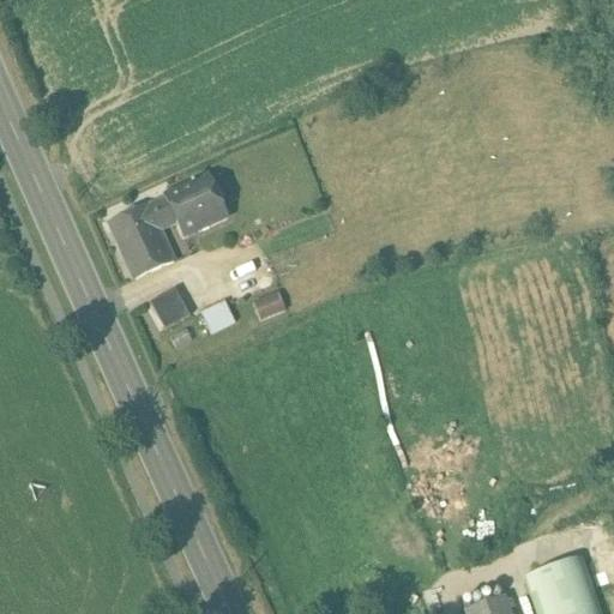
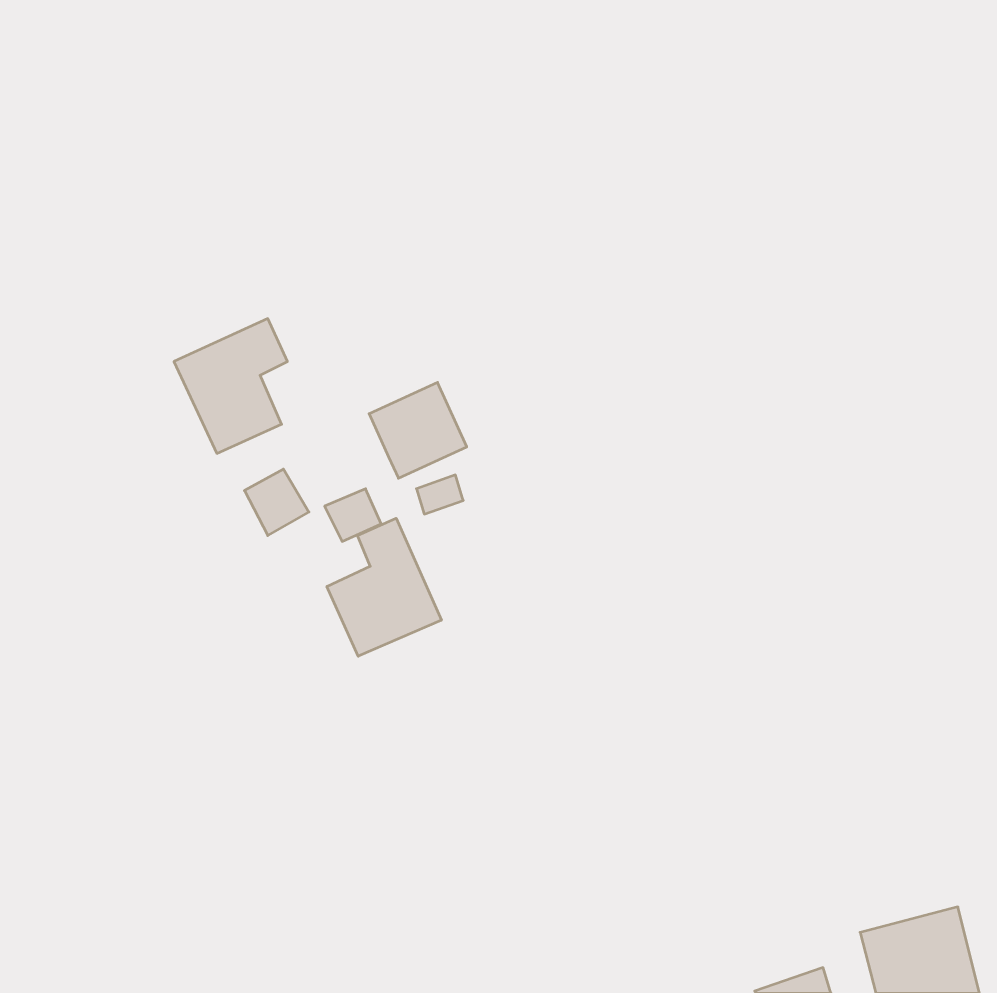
building: [164,176,224,235] -> [369,382,467,478]
building: none -> [327,518,441,656]

